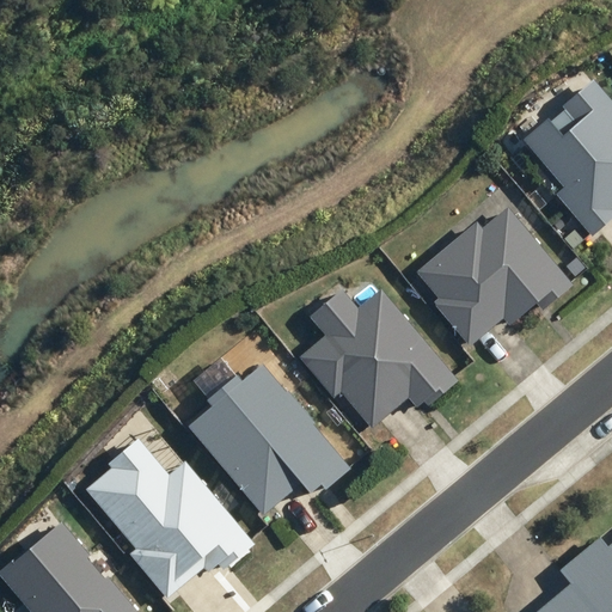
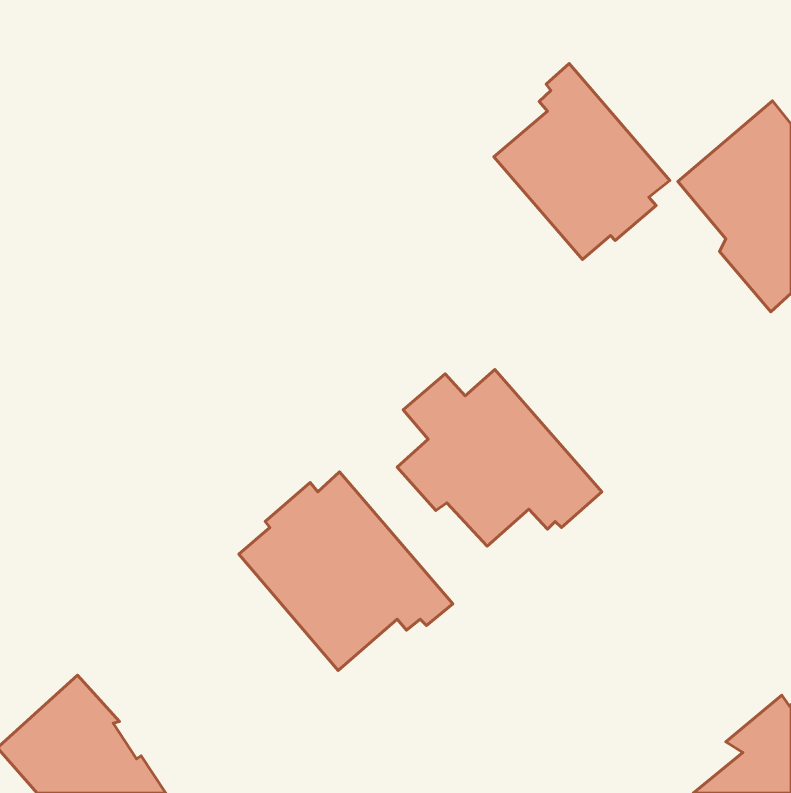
building: none -> [494,64,670,260]
building: [422,216,565,349] -> none
building: [82,439,256,600] -> none

